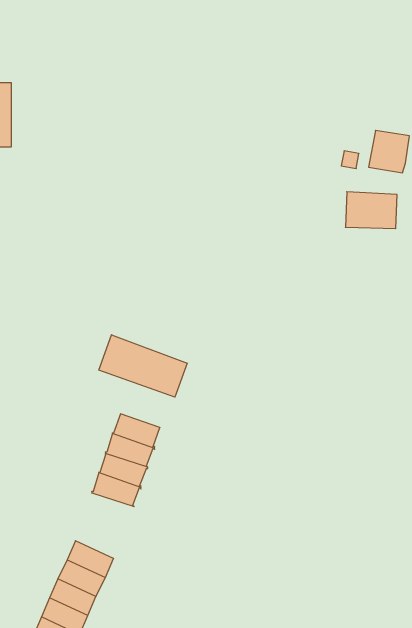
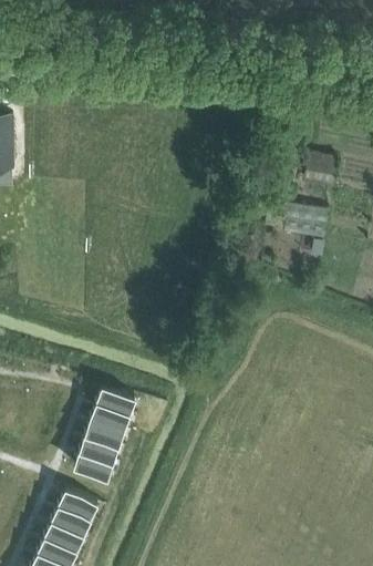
building: [99,335,187,397] -> none
building: none -> [73,454,112,482]

